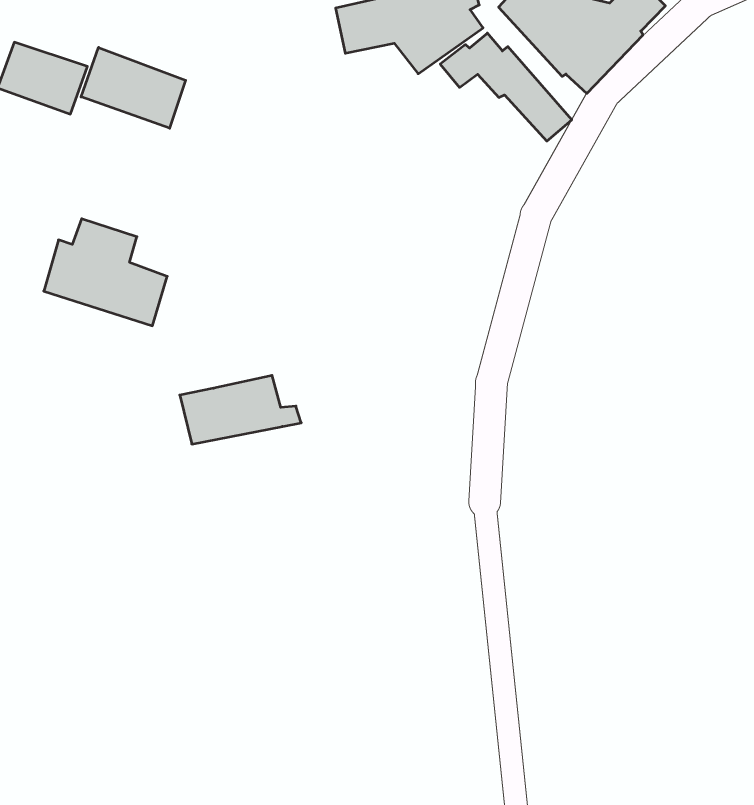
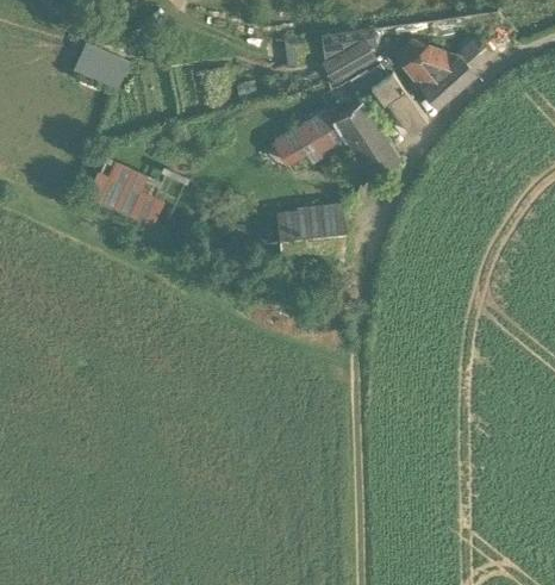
building: [81,47,186,128] -> none
building: none -> [269,101,398,175]
building: [180,375,301,444] -> [278,207,351,245]

